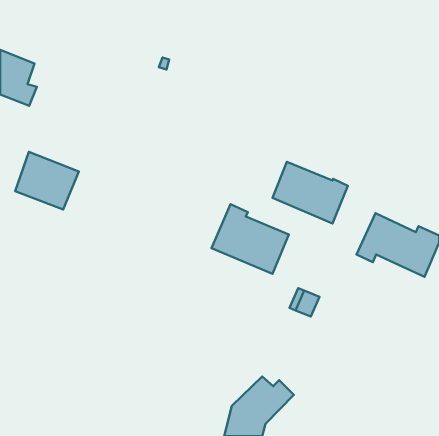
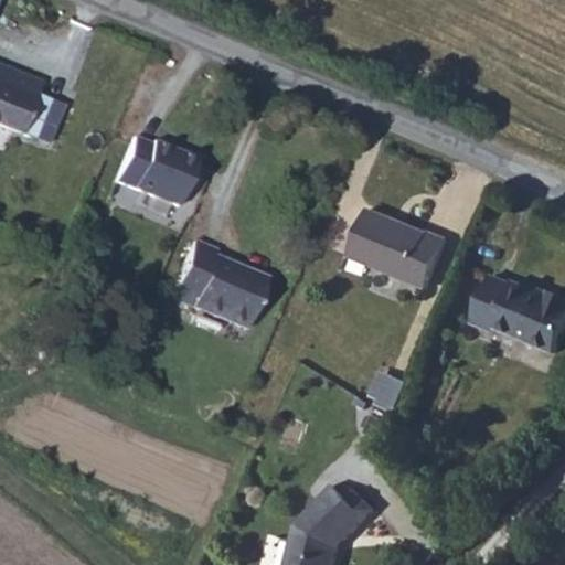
building: [15,152,79,209] -> [115,128,196,202]
building: [212,204,289,274] -> [164,242,264,331]

